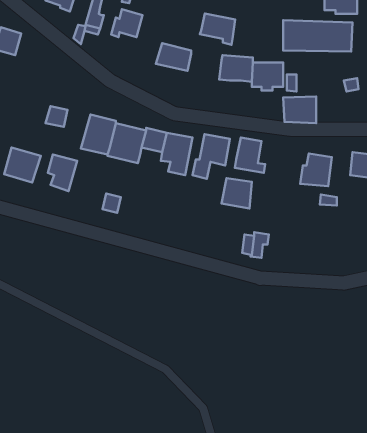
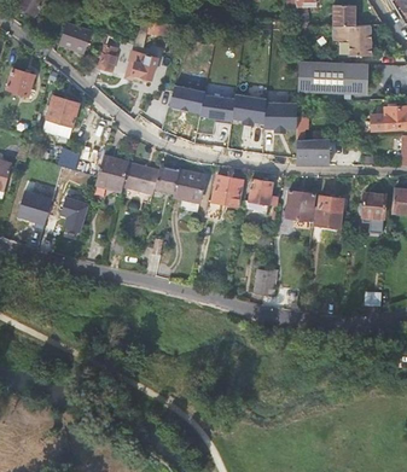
building: [200,13,235,45] -> [199,94,234,126]
building: none -> [43,95,81,136]
building: [222,178,252,208] -> [285,190,315,220]

